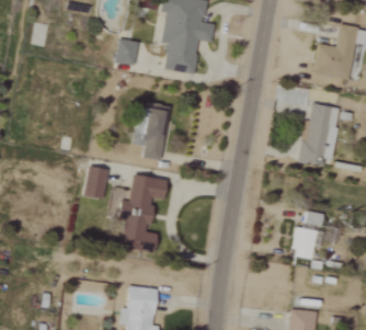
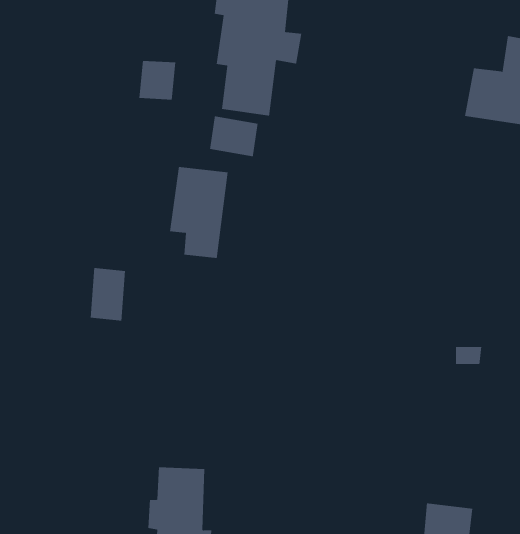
building: none -> [210,116,258,157]
building: [299,103,340,166] -> none
building: [115,175,164,254] -> none
building: [293,227,318,259] -> none

